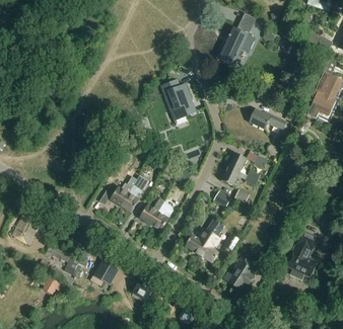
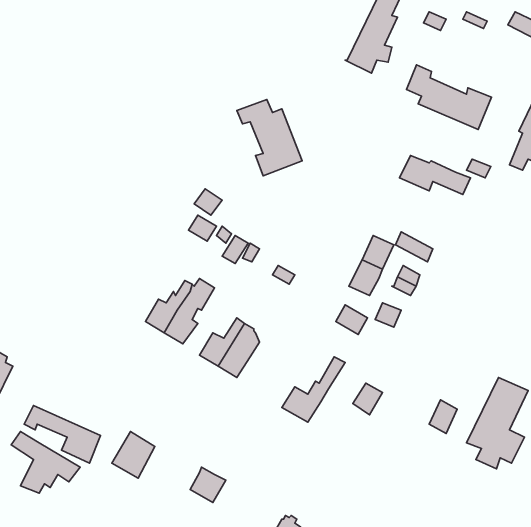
building: none -> [407,65,491,129]
building: [199,222,224,262] -> none
building: [223,256,257,290] -> none

